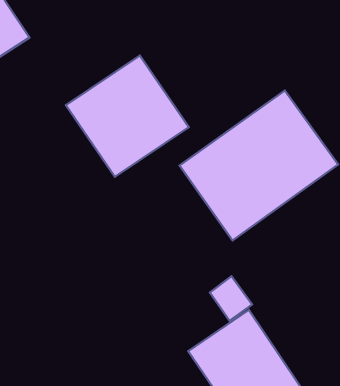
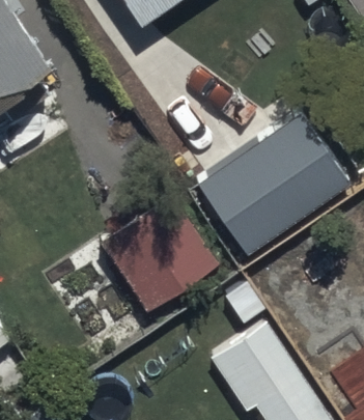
building: [66,55,189,177] -> [103,195,220,311]

